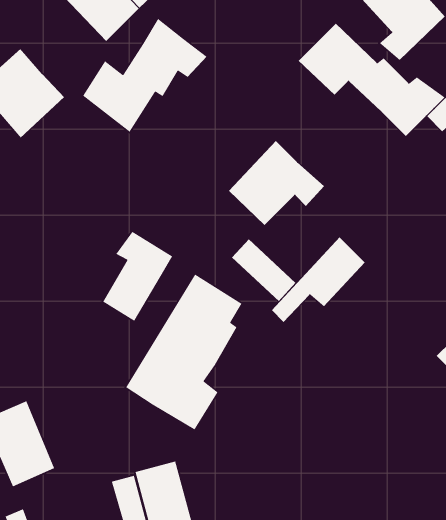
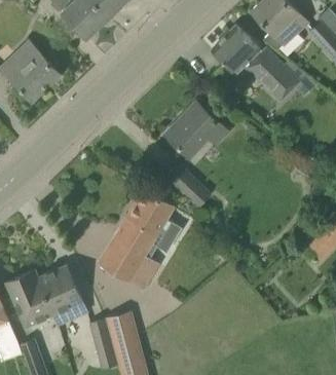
building: [82,18,207,133] -> none
building: [102,231,173,322] -> none
building: [271,236,365,323] -> none
building: none -> [38,265,87,326]

